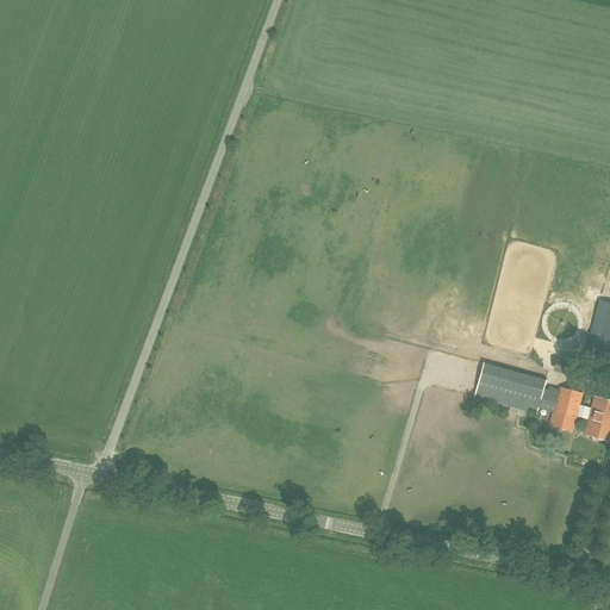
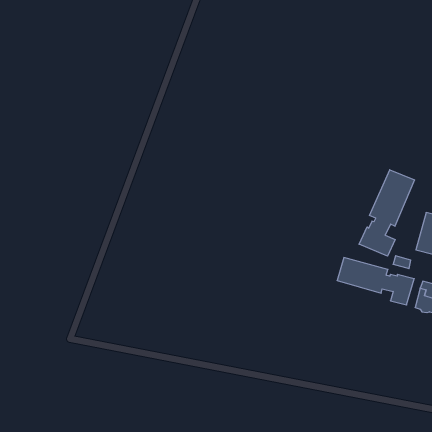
building: none -> [359,170,415,256]

